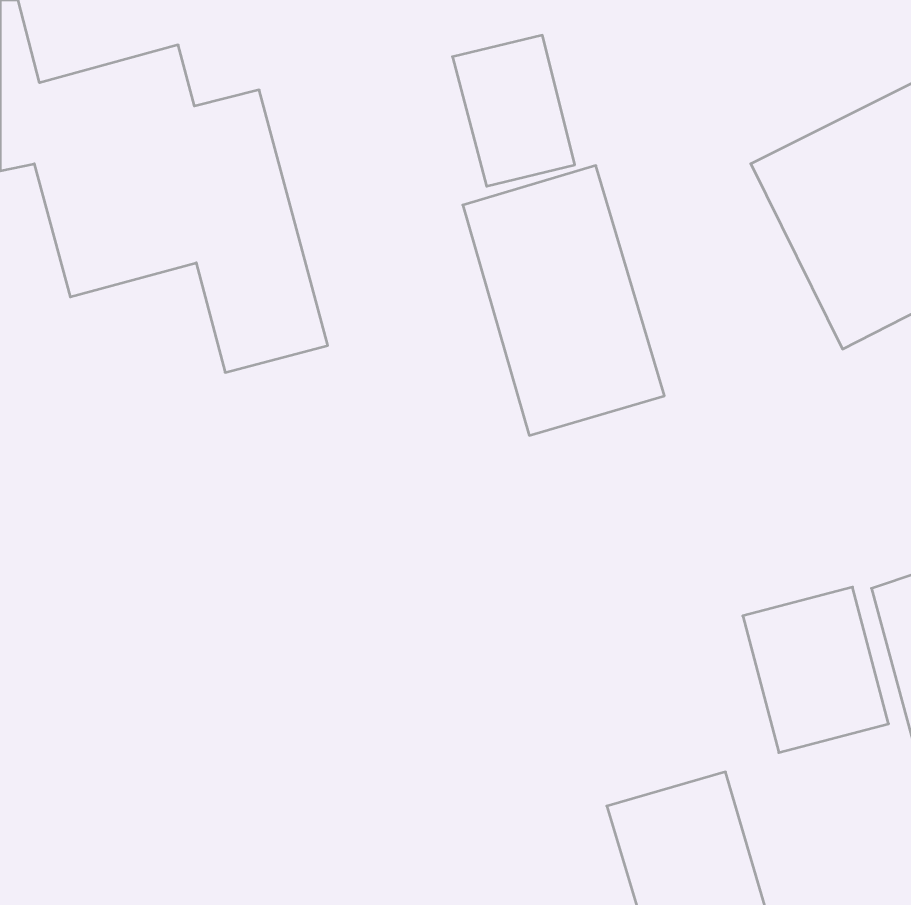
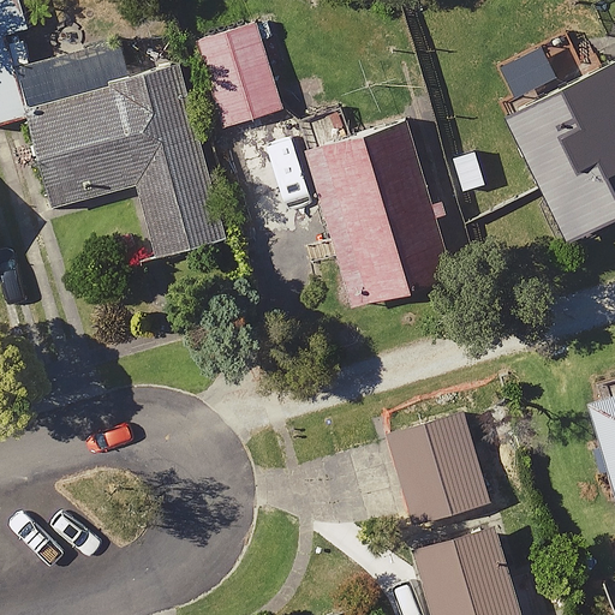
building: [452,35,575,186] -> [197,26,279,127]
building: [743,587,889,753] -> [389,414,486,525]

